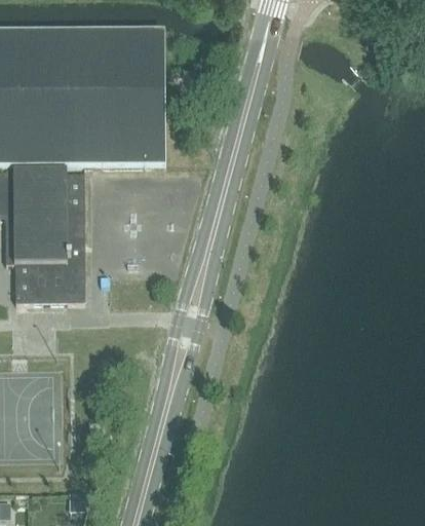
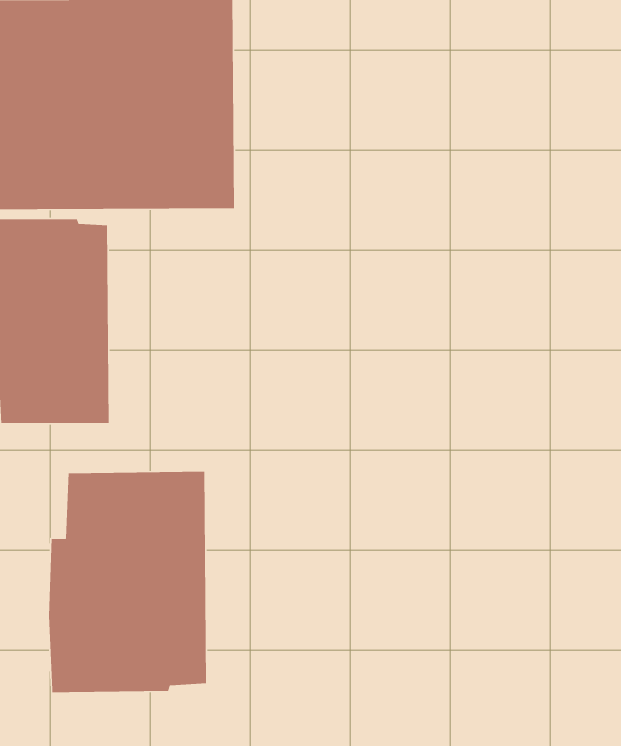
building: none -> [48,471,207,693]

